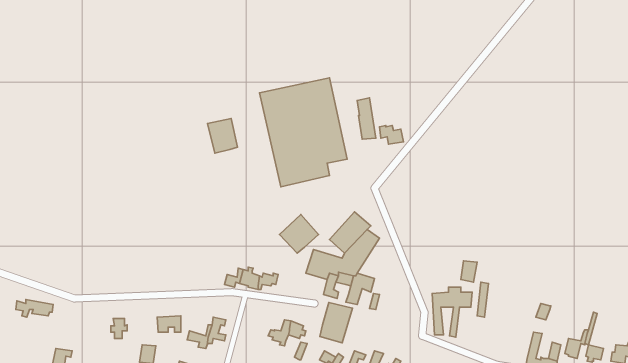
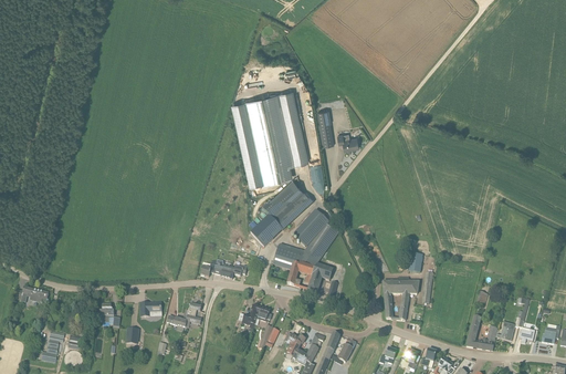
building: [207,118,238,153] -> none
building: none -> [262,179,313,229]
building: [320,302,352,343] -> none

